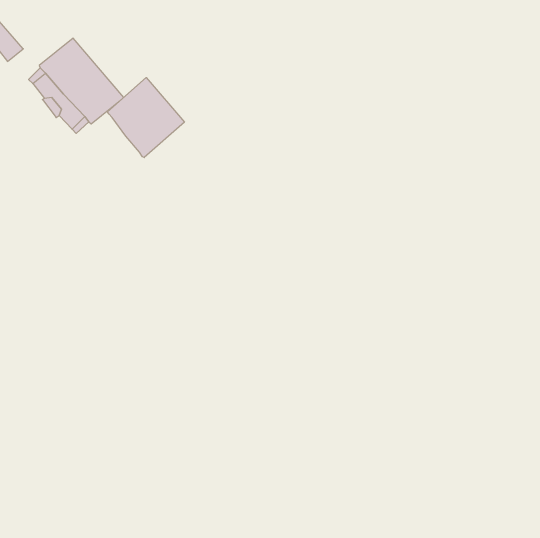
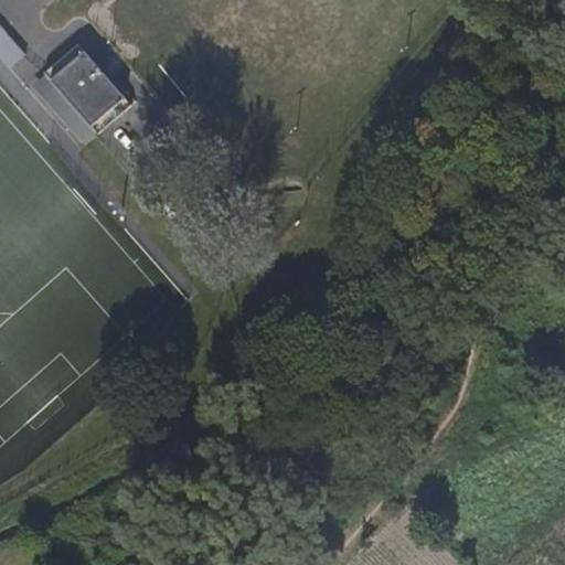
building: [108,78,184,158] -> none

